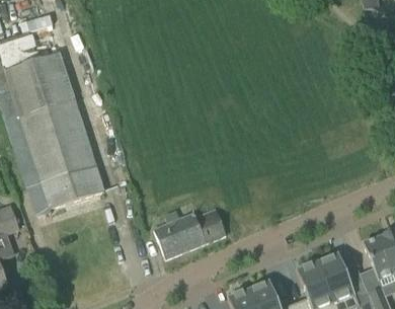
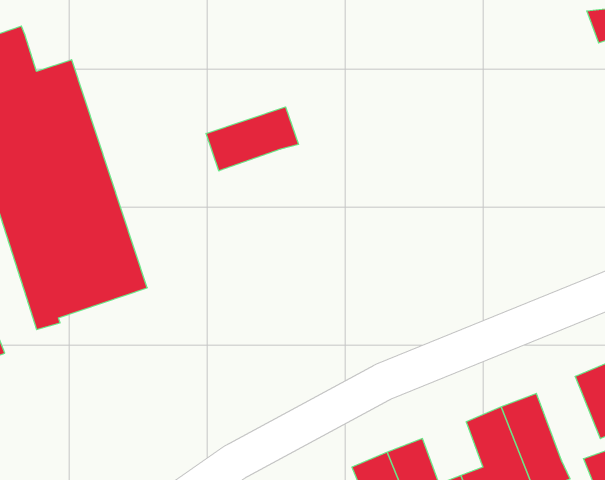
building: none -> [206,107,298,171]
building: [154,209,226,259] -> none

